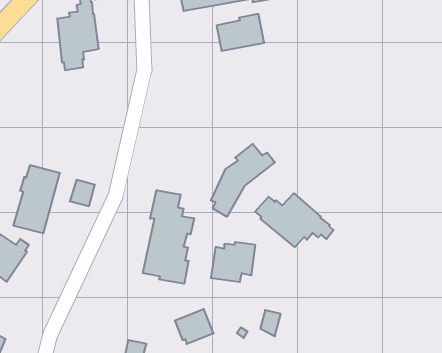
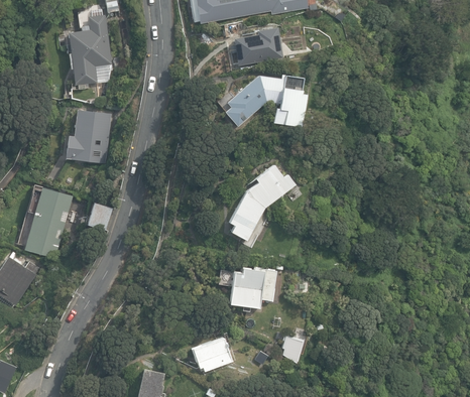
building: none -> [225,75,305,127]
building: none -> [65,108,110,161]
building: [143,190,194,284] -> none
building: [255,193,334,247] -> none

